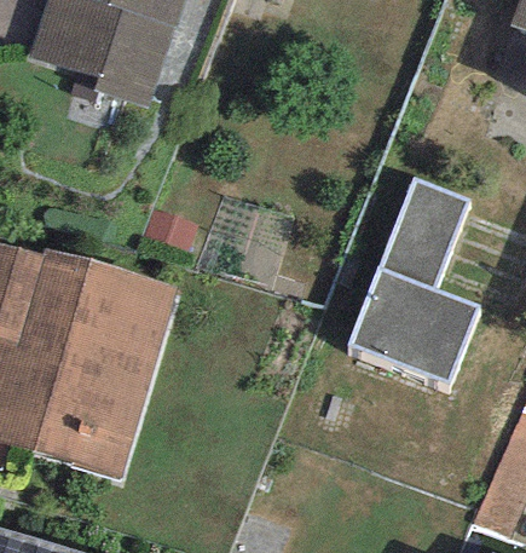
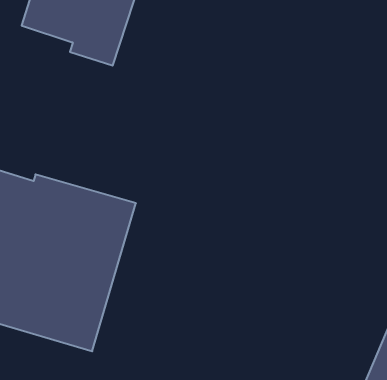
building: [335,151,468,357] -> none

